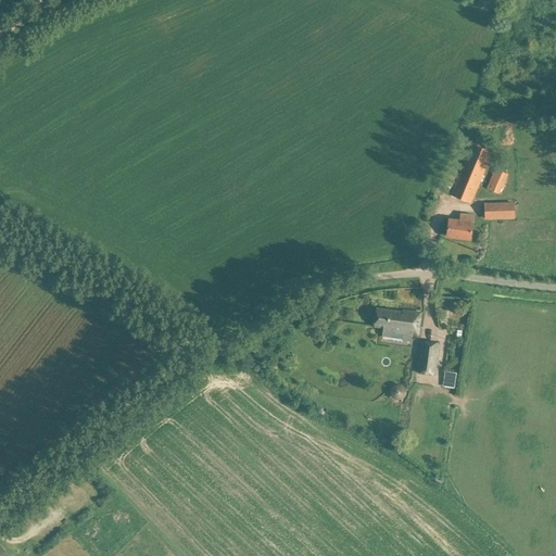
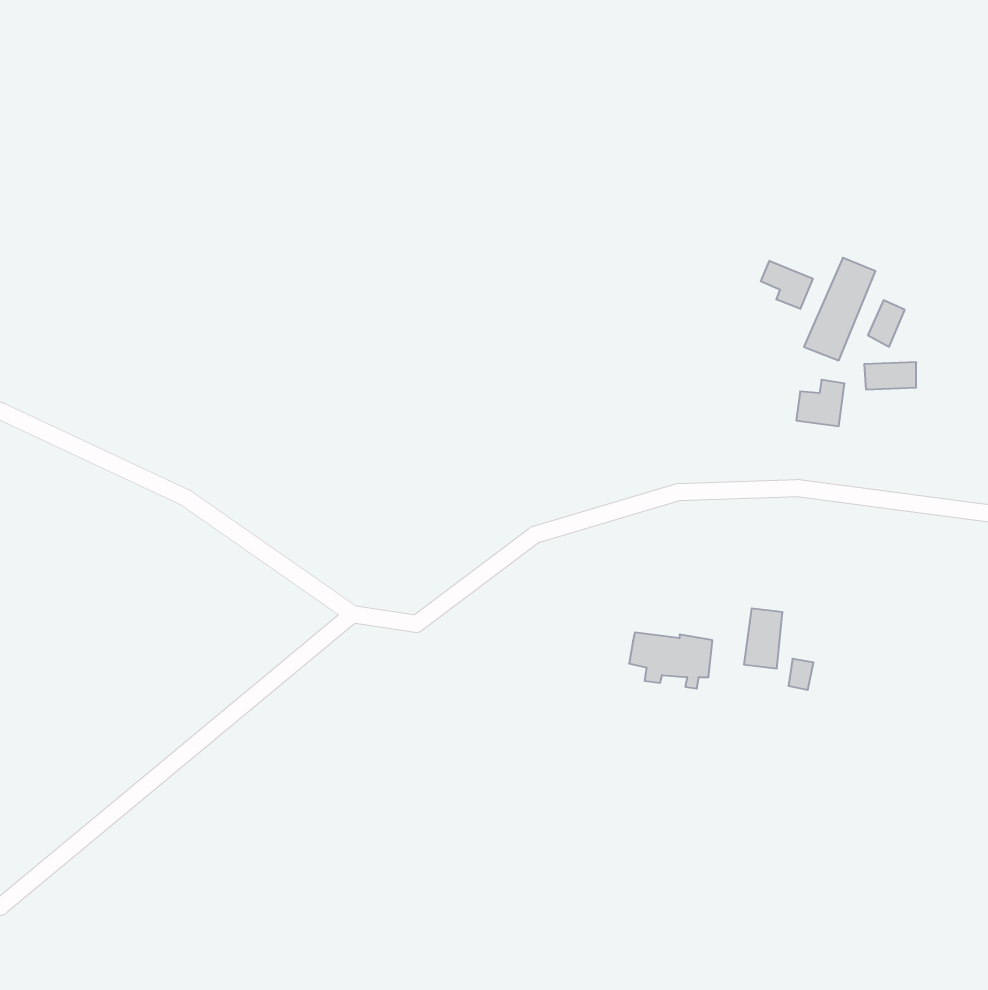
building: none -> [761,261,813,309]
building: [375,308,421,340] -> [629,632,712,689]

